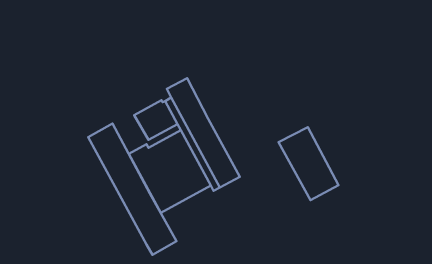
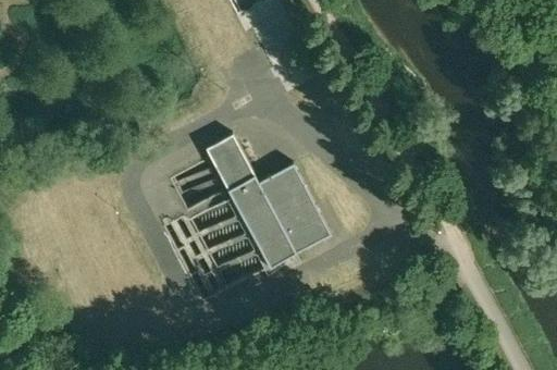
building: [88,124,177,255] -> none
building: [279,127,339,200] -> [259,163,333,254]

